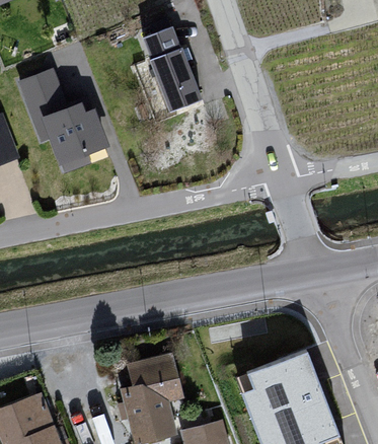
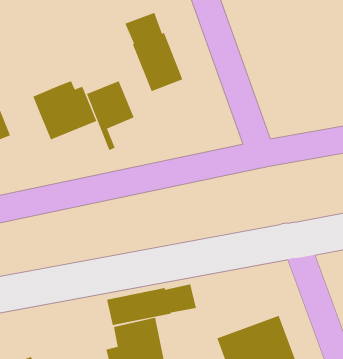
building: [18,66,70,141] -> [86,81,134,151]
building: none -> [107,283,196,326]

